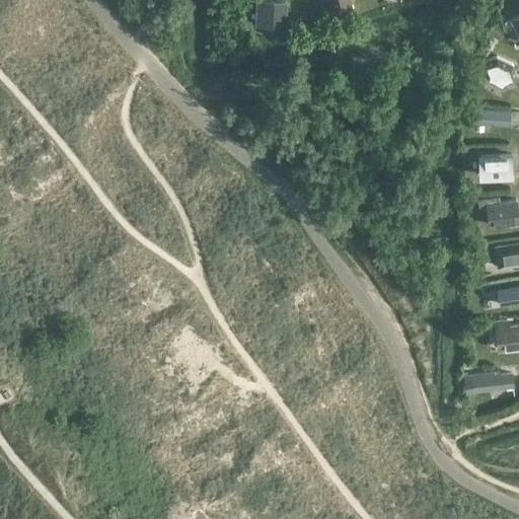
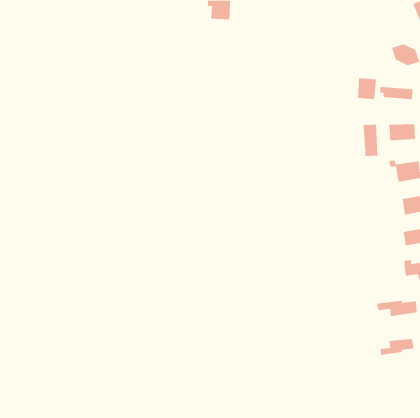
building: none -> [358,77,376,100]
building: none -> [363,124,378,157]
building: none -> [380,338,414,355]

